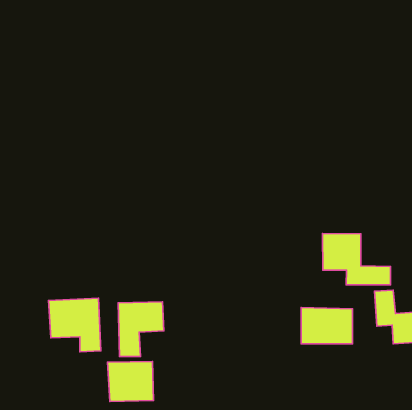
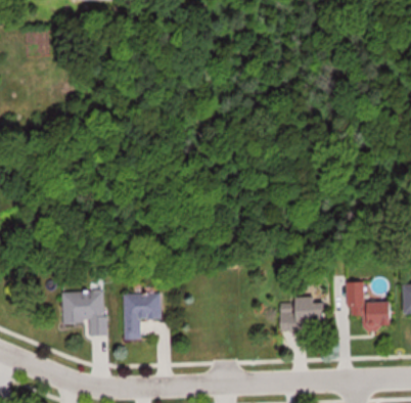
building: [323,234,390,285] -> none
building: [108,361,153,402] -> none

